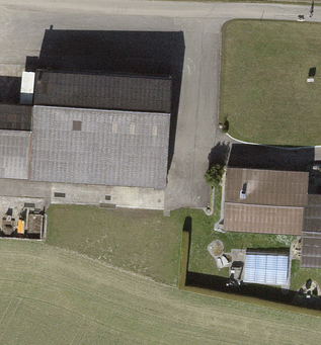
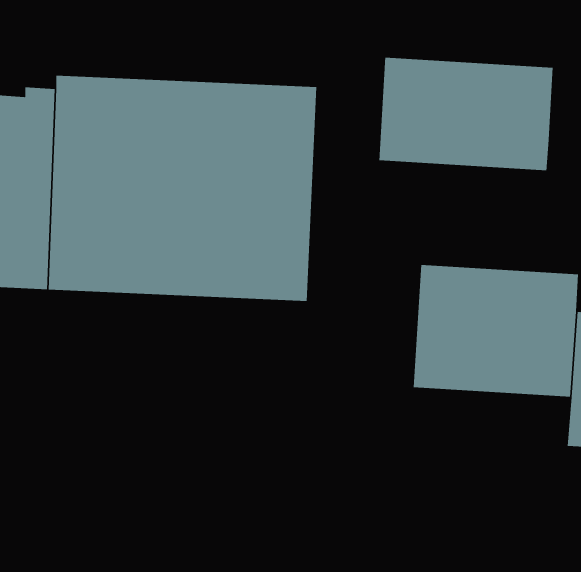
building: none -> [379,57,553,171]

